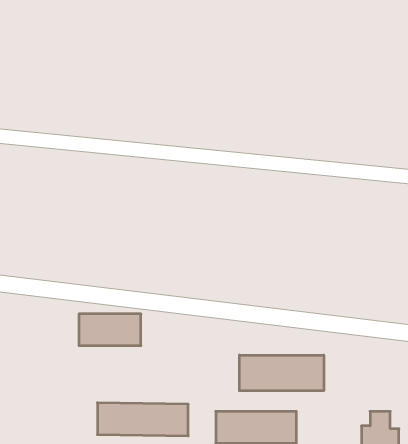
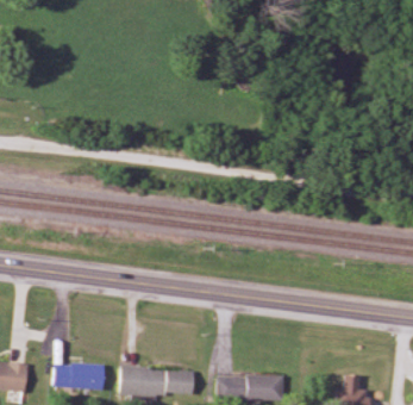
building: [79,314,141,346] -> [52,362,104,388]
building: [239,355,324,391] -> none

